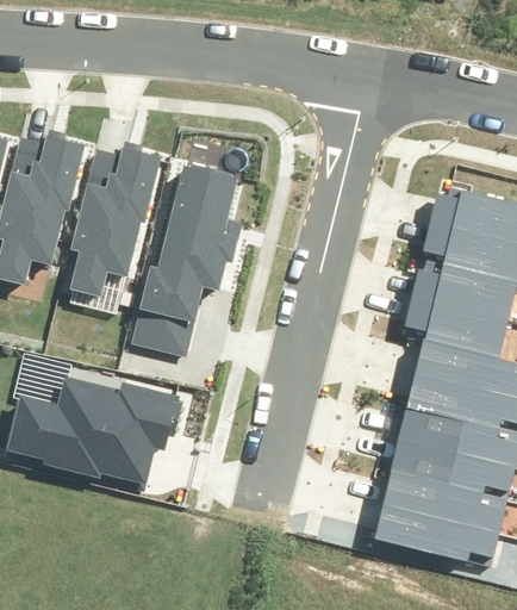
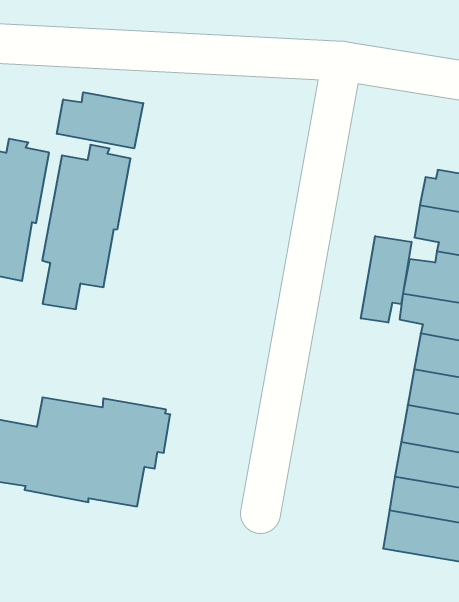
building: none -> [57,92,143,148]
building: [131,164,242,356] -> none
building: none -> [361,236,411,323]

